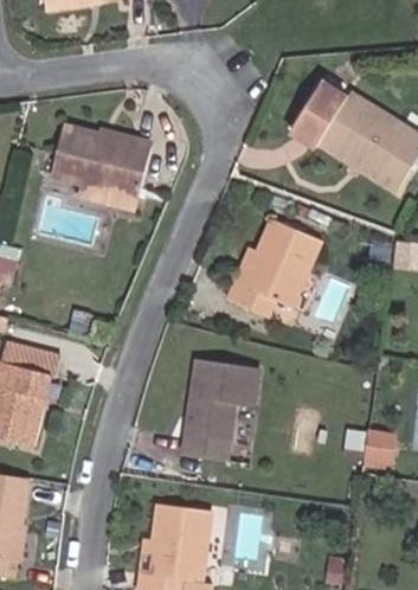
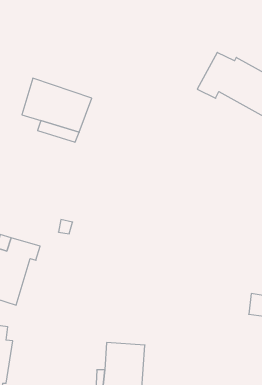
building: [225,223,322,321] -> none
building: [181,354,250,455] -> none

